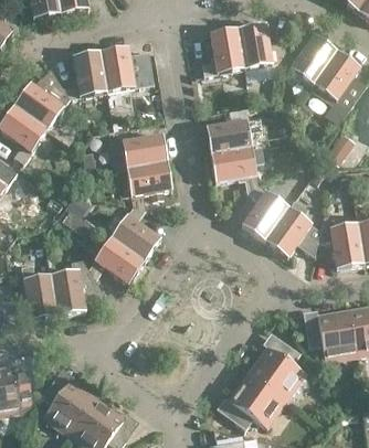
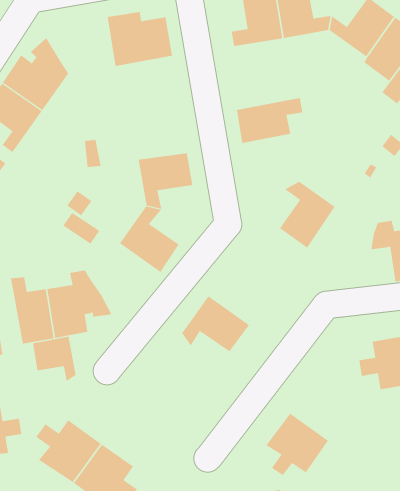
building: [63,51,107,97] -> none
building: [109,135,167,168] -> none
building: [211,146,264,192] -> none
building: [265,199,319,257] -> none
building: [88,236,145,282] -> [181,296,250,352]
building: none -> [33,336,76,382]
building: [251,344,303,398] -> none

